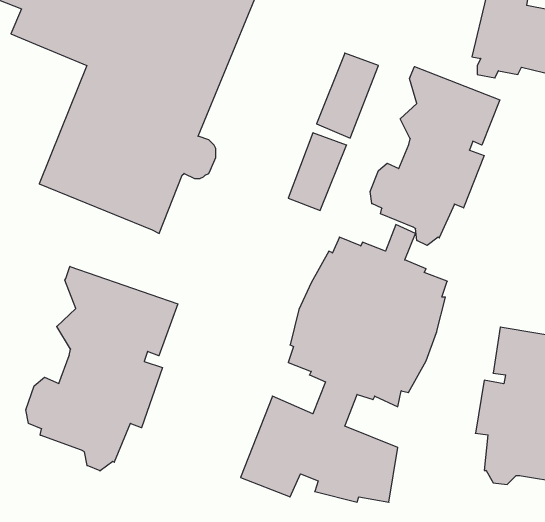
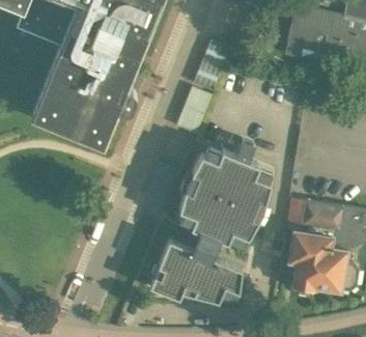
building: [370,67,500,245] -> none
building: [26,266,178,471] -> none

